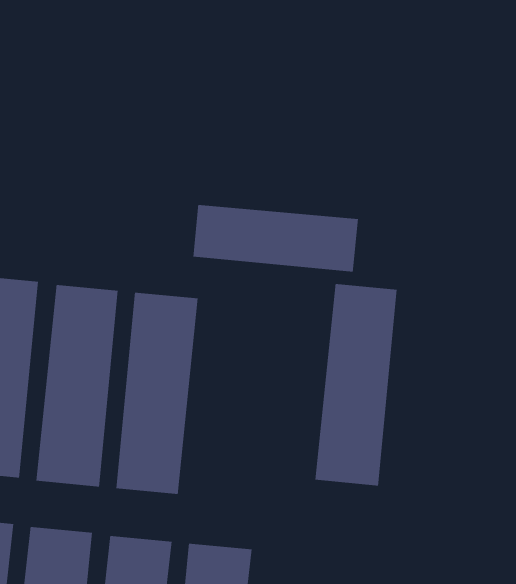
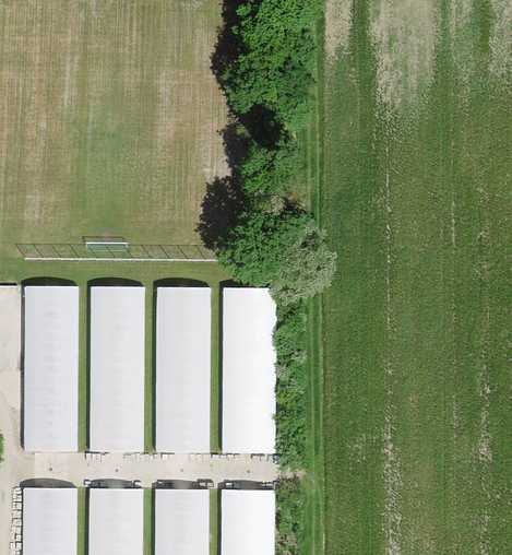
building: [193,204,359,273] -> none
building: [315,284,398,486] -> [222,288,275,452]

